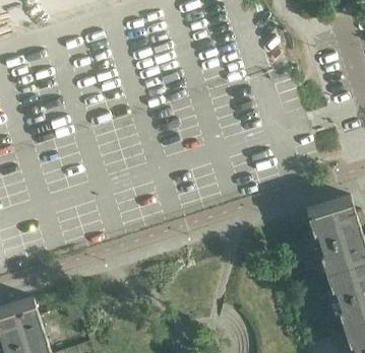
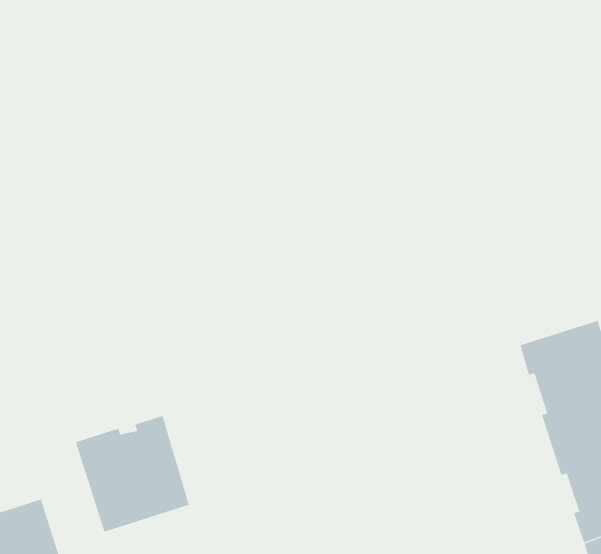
building: none -> [75,415,190,532]

